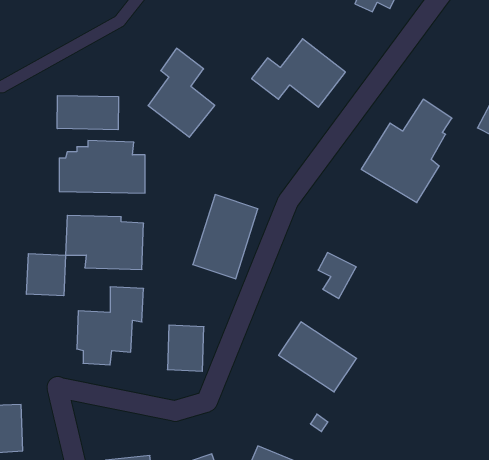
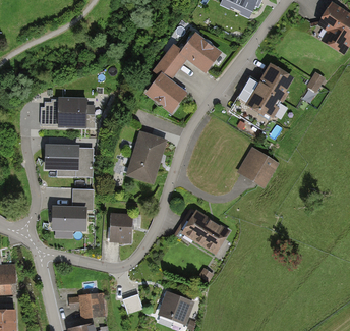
building: [148,48,215,137] -> [143,55,186,112]
building: [57,96,118,130] -> none
building: [318,253,356,299] -> [245,153,270,182]
building: [26,254,66,296] -> none

